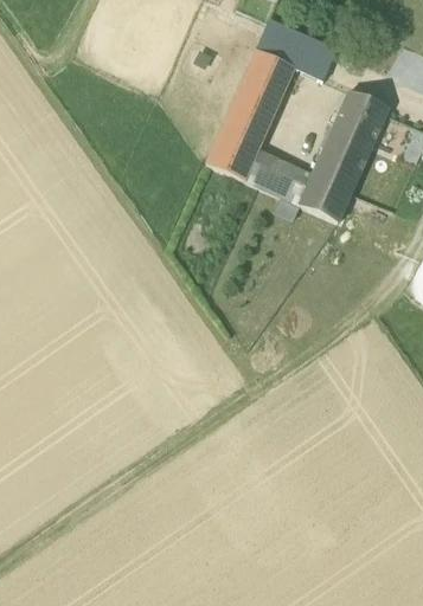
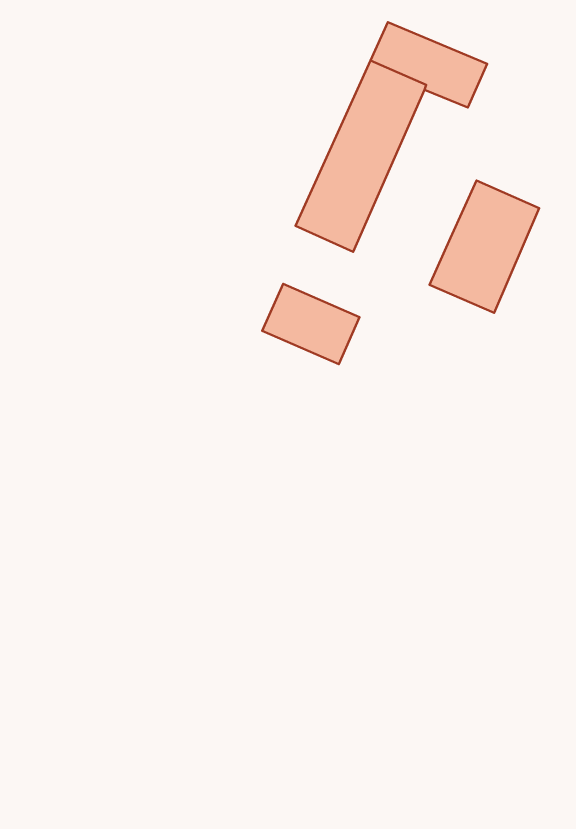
building: [328,86,391,149] -> none
building: [244,147,310,201] -> [262,284,360,364]

